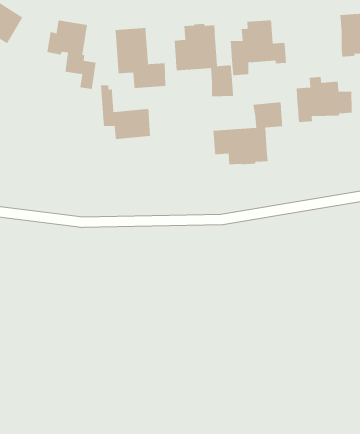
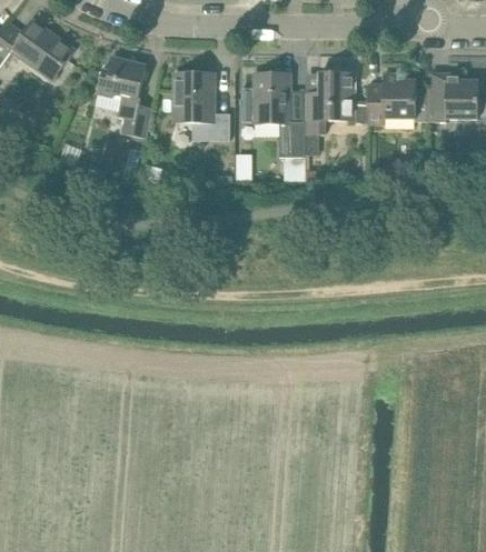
building: [296,77,353,123] -> [367,73,430,123]
building: [101,85,151,140] -> none
building: [213,101,283,165] -> none

